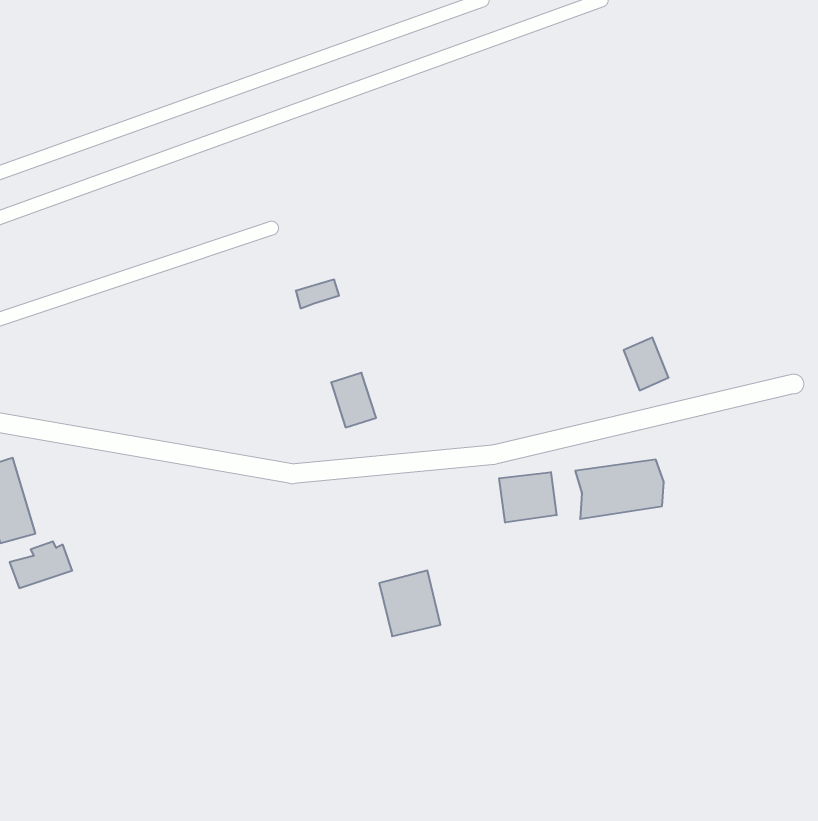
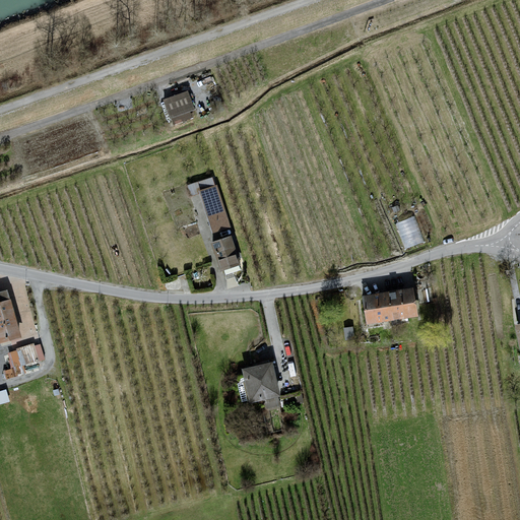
building: none -> [160,89,192,118]
building: none -> [198,187,226,231]
building: [499,472,557,523] -> none

